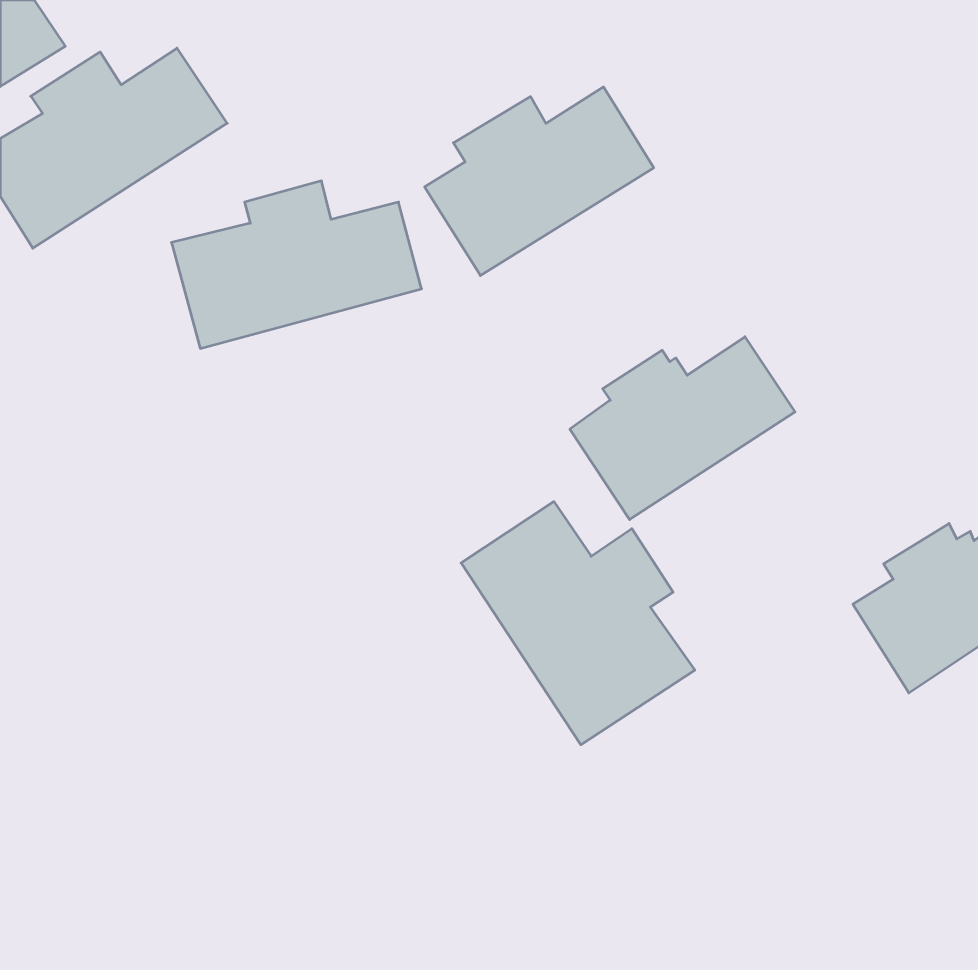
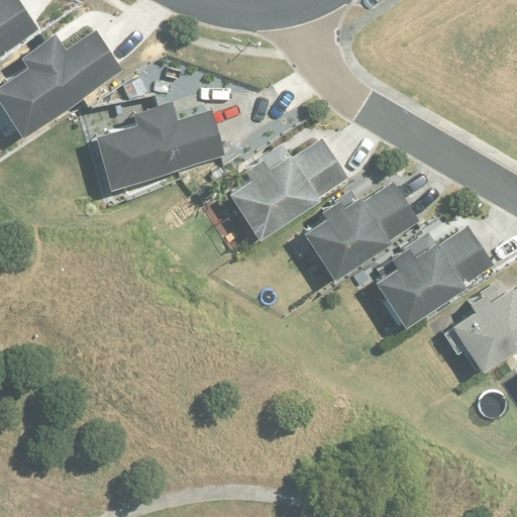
building: [425,87,654,276] -> [228,140,348,239]
building: none -> [373,228,494,328]
building: [461,502,695,745] -> none

